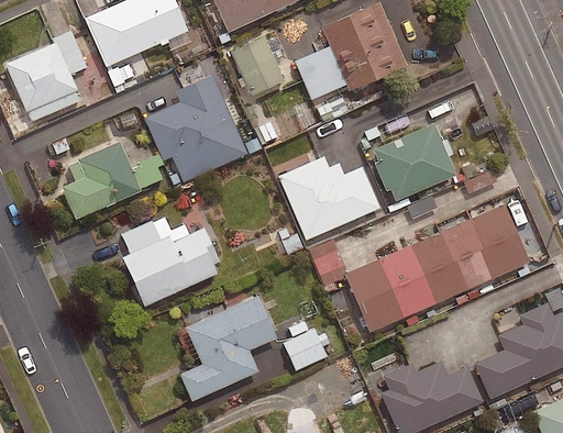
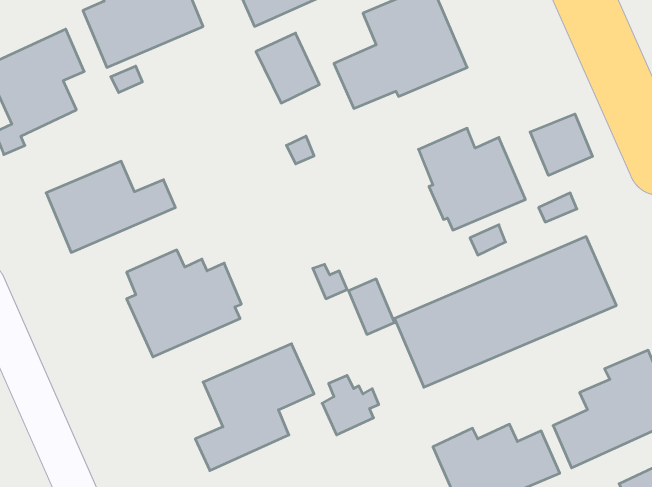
building: [146,75,249,182] -> none
building: none -> [530,114,593,175]
building: [279,157,379,240] -> none

